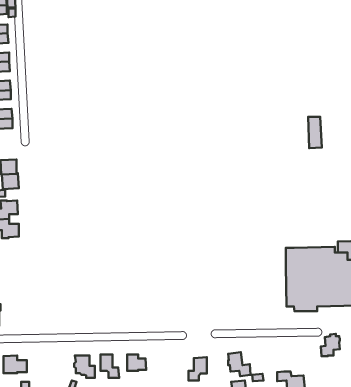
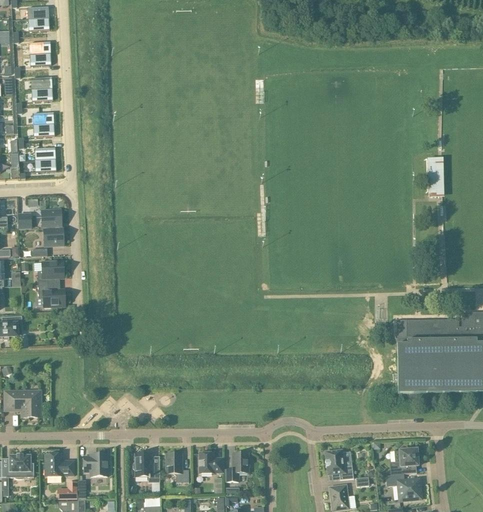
building: [321,334,340,356] -> [394,445,418,473]
building: none -> [83,453,107,475]
building: [188,357,207,381] -> [225,451,248,480]

